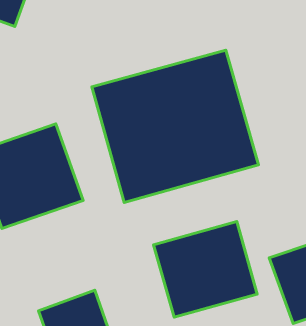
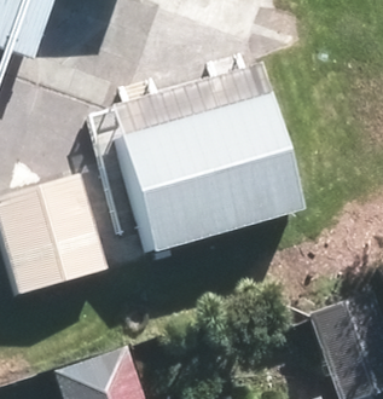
building: [154,222,257,317] -> none

